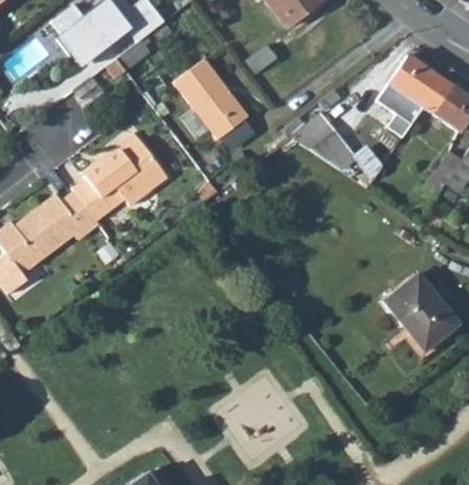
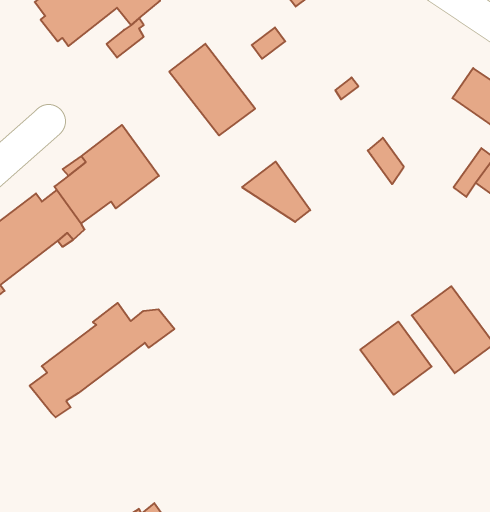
building: [377,56,444,125] -> none
building: [292,114,353,168] -> [242,162,310,222]
building: none -> [30,303,174,417]
building: none -> [360,322,432,395]

